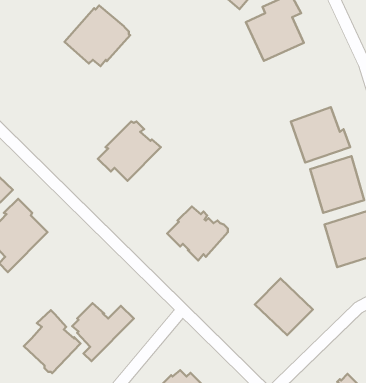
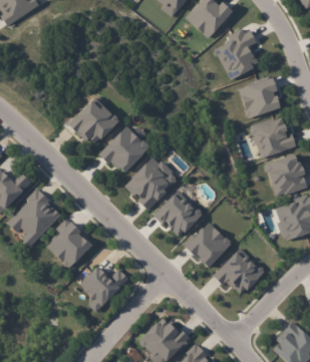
building: [65,6,130,66] -> [66,95,117,142]
building: none -> [238,78,280,118]
building: none -> [124,155,177,209]
building: none -> [183,221,231,269]
building: [24,310,80,373] -> [47,220,91,269]

